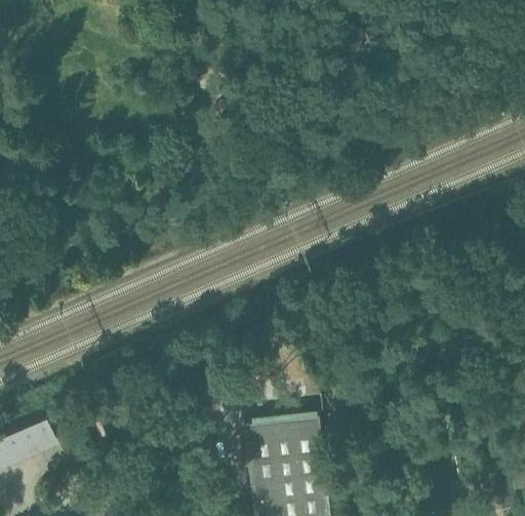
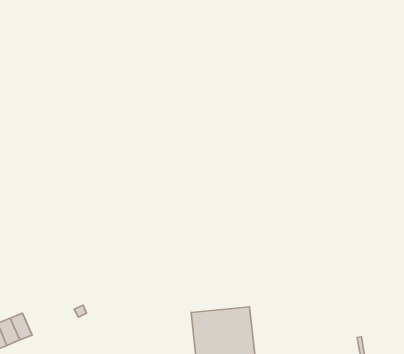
building: [29,416,56,451] -> none

